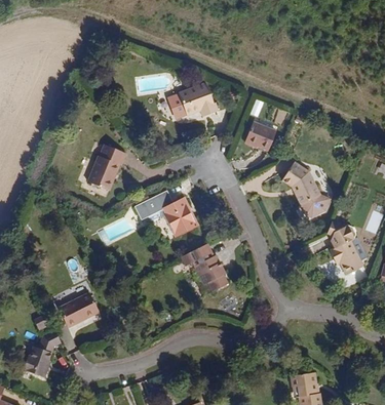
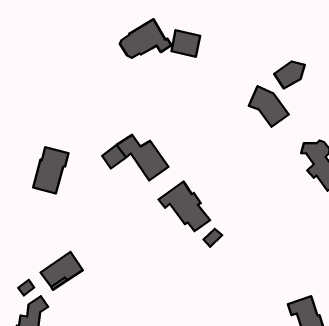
building: [246,122,276,151] -> [171,30,200,57]
building: [88,145,127,191] -> [33,147,69,194]
building: [302,195,333,219] -> [274,61,305,88]

